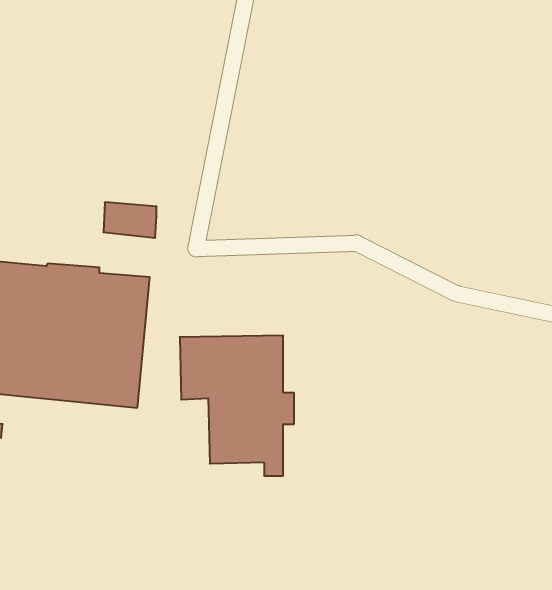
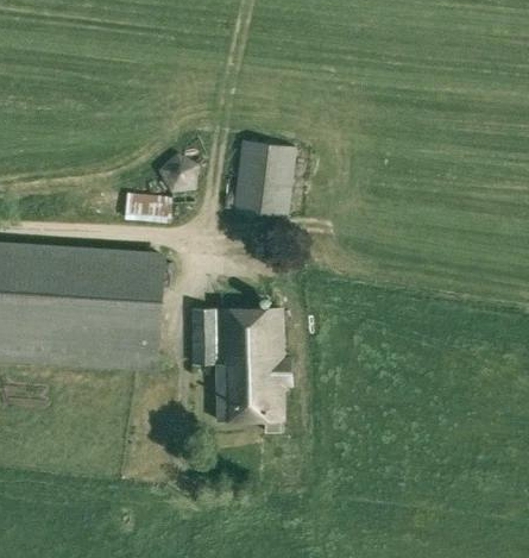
building: none -> [233,142,296,218]
building: none -> [158,153,200,194]

